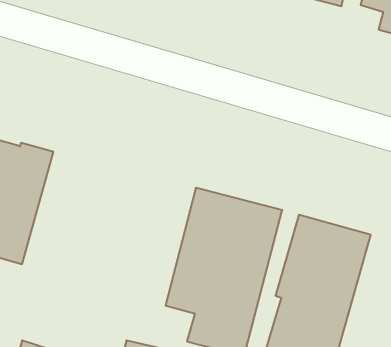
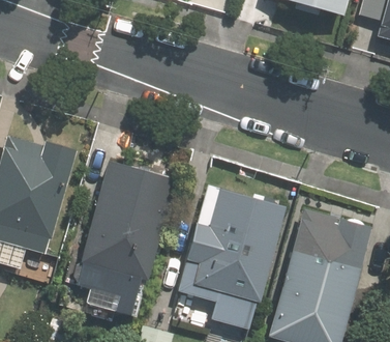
building: none -> [77,162,174,315]

